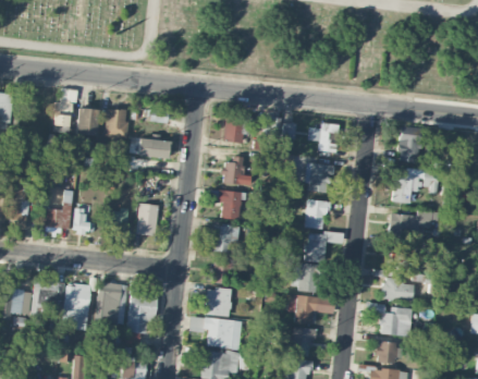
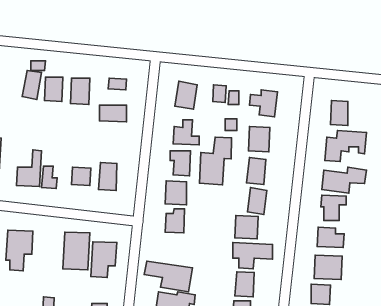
building: none -> [199,137,231,185]
building: [63,283,90,329] -> none
building: [206,288,231,316] -> none

